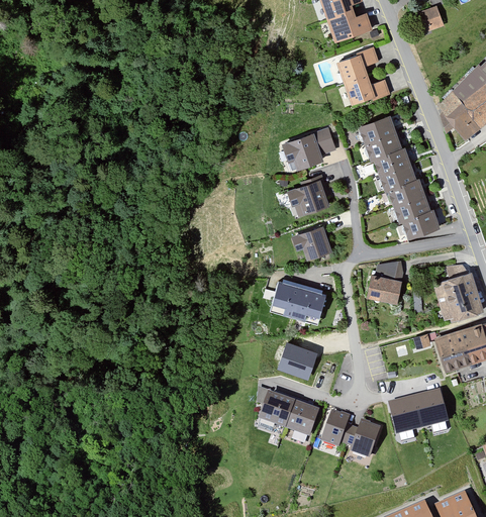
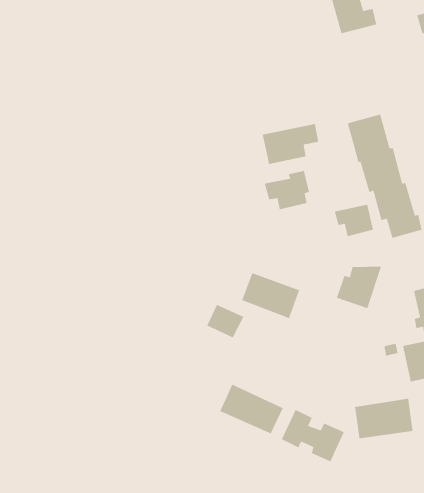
building: [343,45,393,105] -> none
building: [292,225,332,260] -> [334,204,374,237]
building: [280,342,316,375] -> [206,304,244,338]

